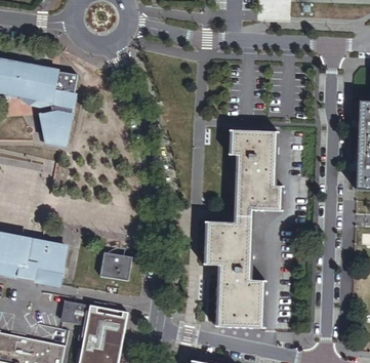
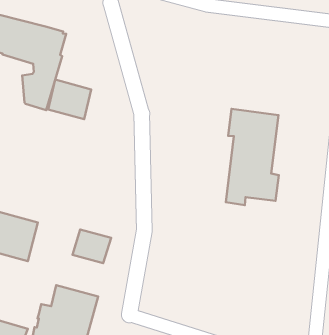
building: none -> [48,79,91,119]
building: [206,215,263,327] -> none
building: [63,300,87,323] -> none

